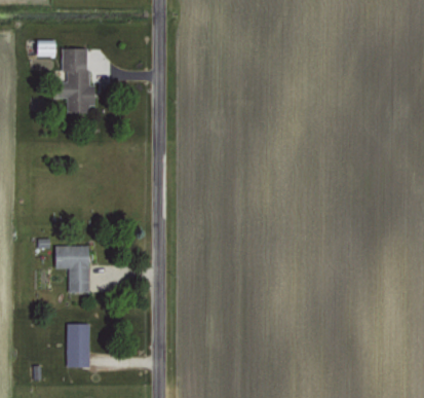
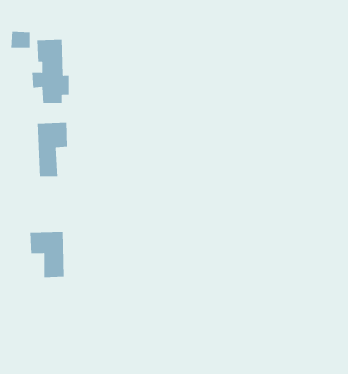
building: none -> [37,122,68,177]
building: [67,324,90,367] -> none

